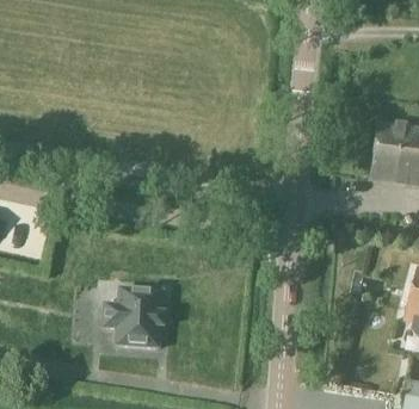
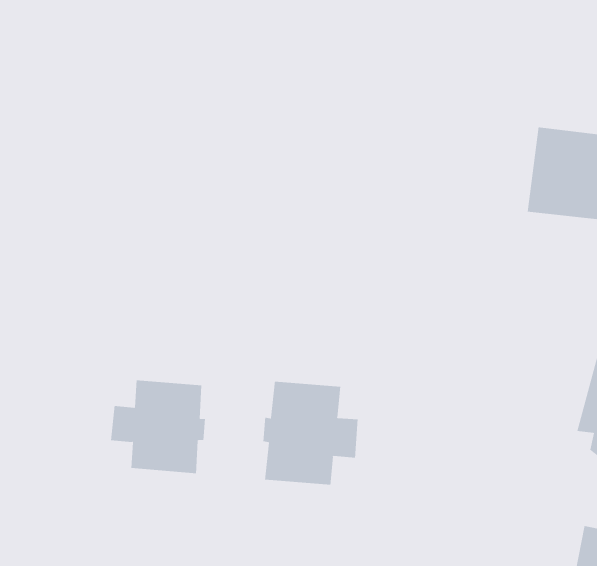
building: none -> [263,381,358,486]

